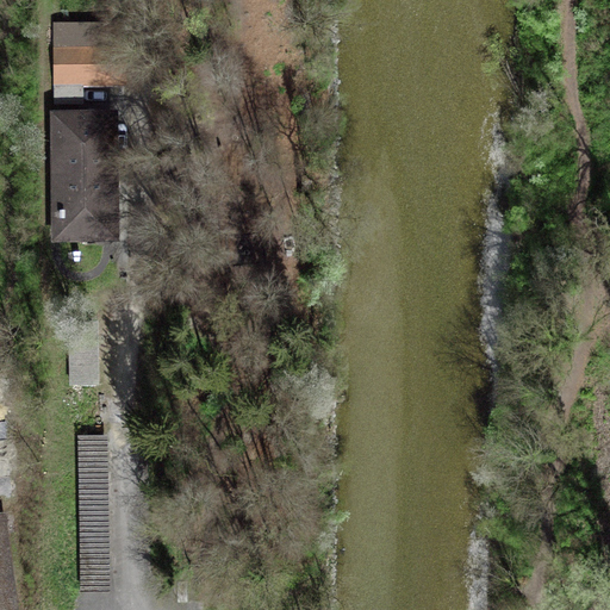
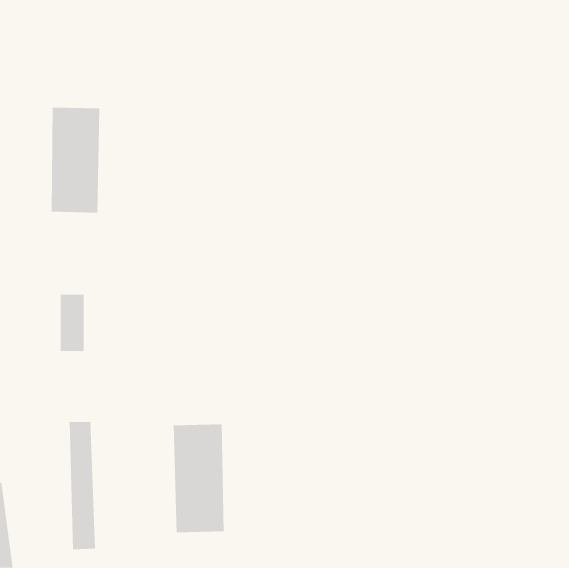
building: [52,20,107,89] -> none
building: none -> [173,424,224,533]

